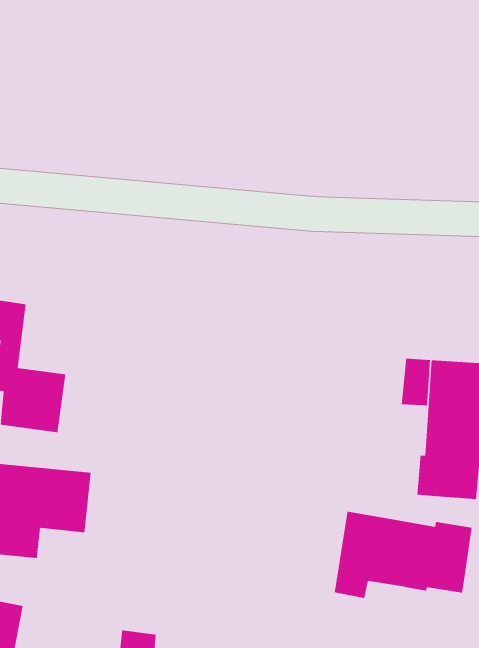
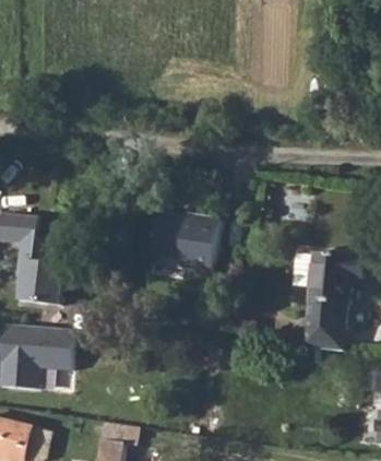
building: none -> [153,214,217,269]
building: [334,511,472,599] -> none

